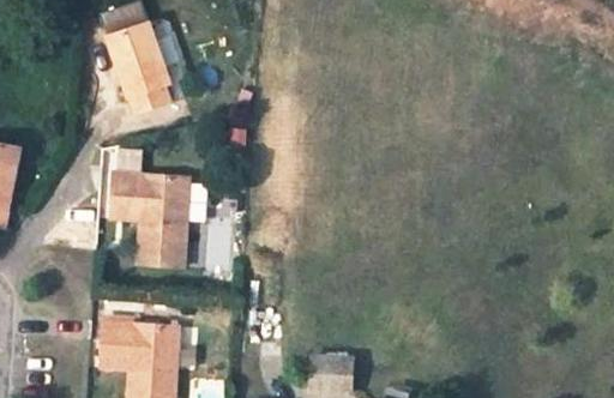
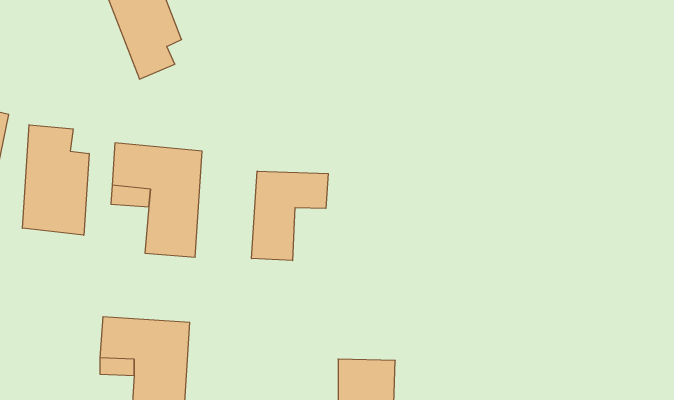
building: none -> [22,125,89,235]
building: none -> [252,171,328,261]

